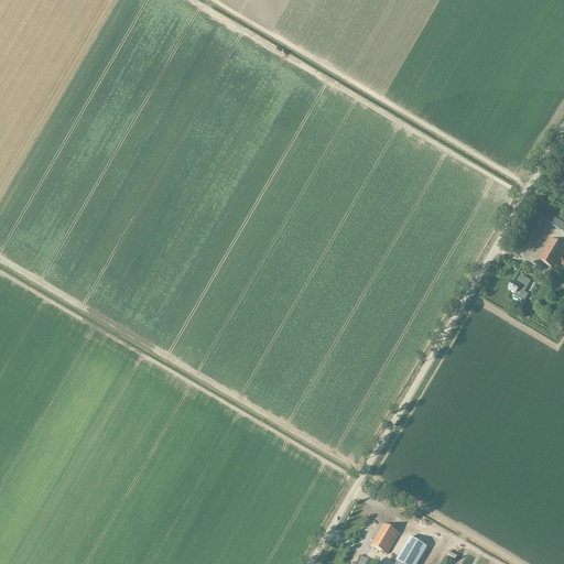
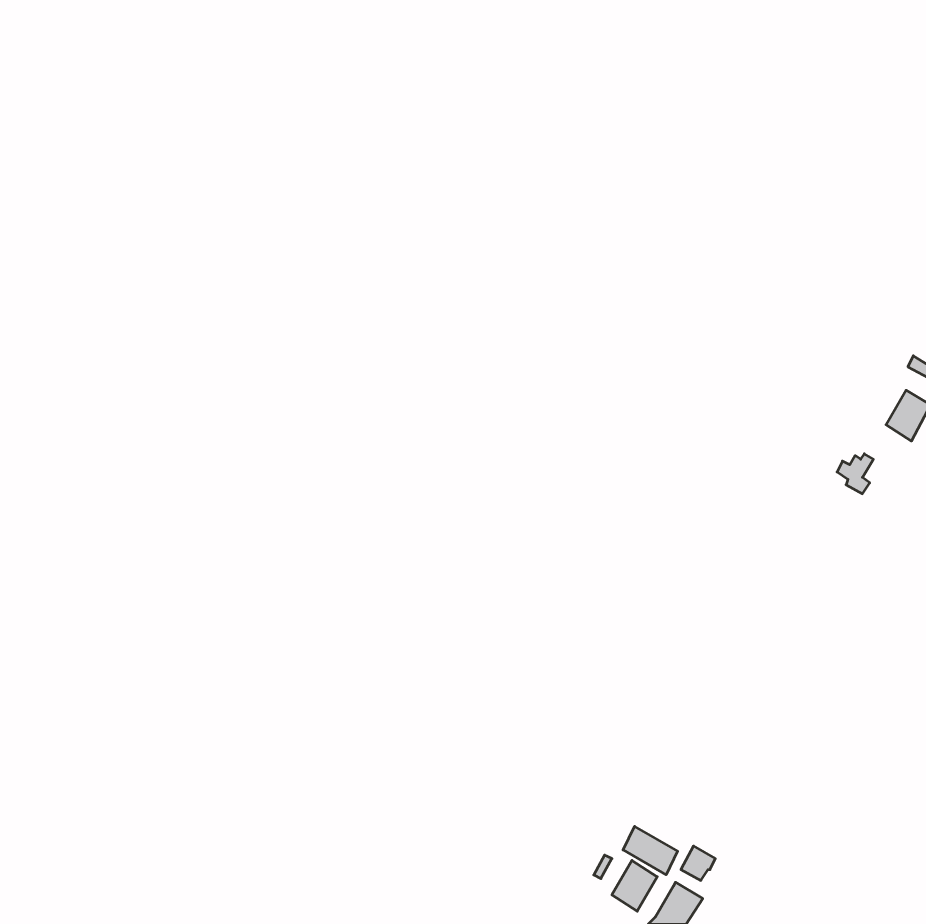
building: none -> [623,826,678,875]

